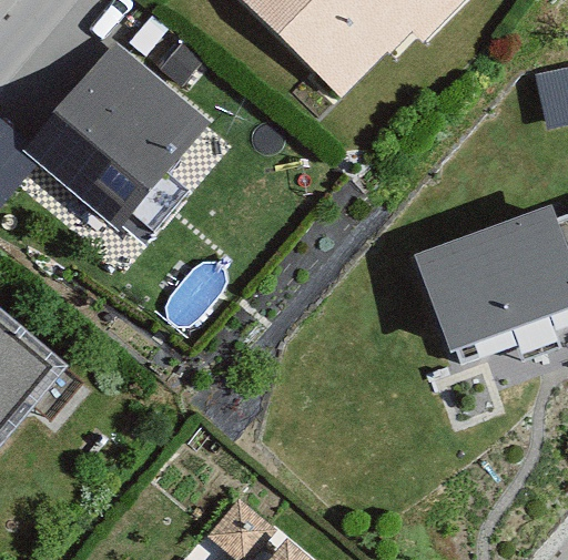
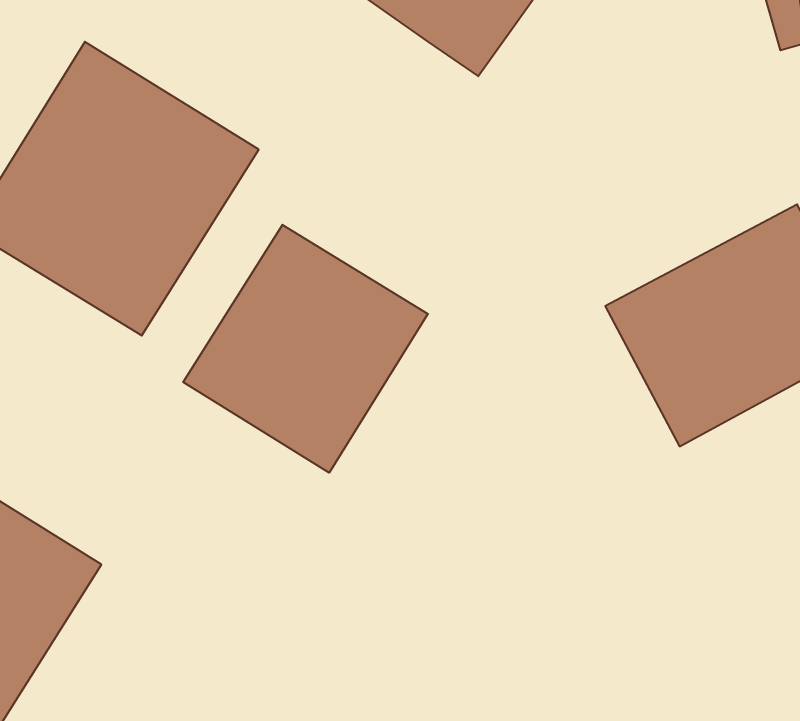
building: none -> [183,225,428,473]

